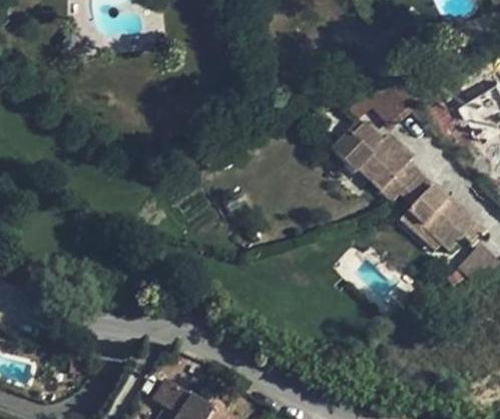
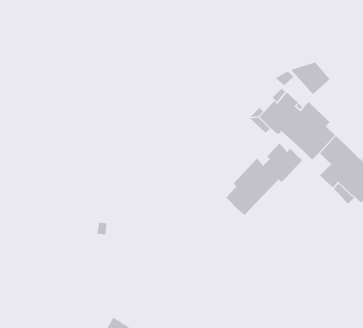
building: none -> [226,143,303,216]

